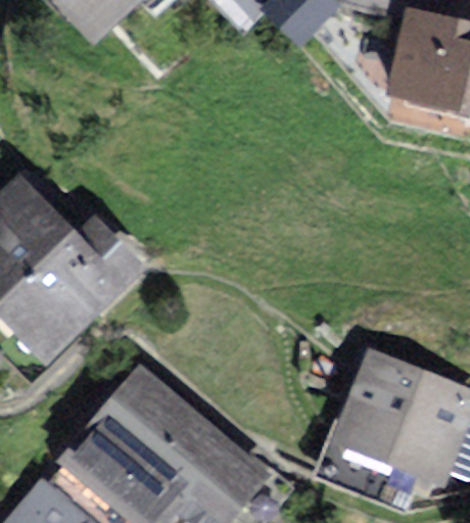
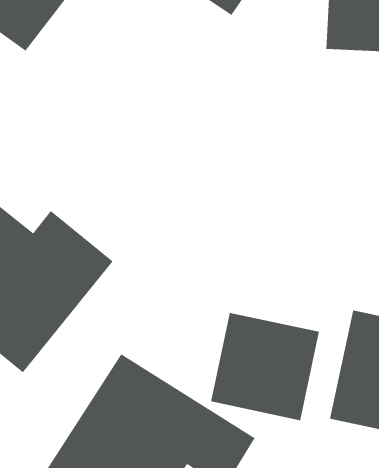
building: none -> [210,312,319,421]

